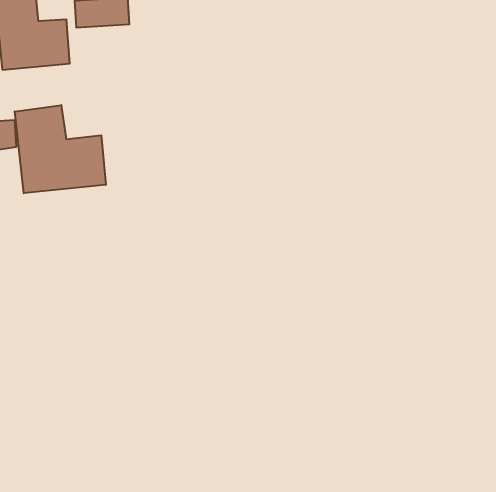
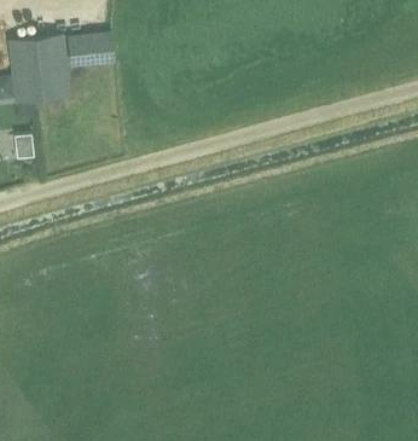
building: [15,105,106,193] -> none

